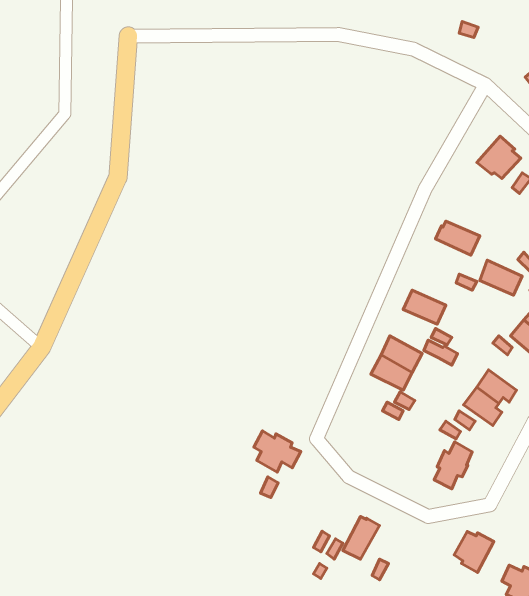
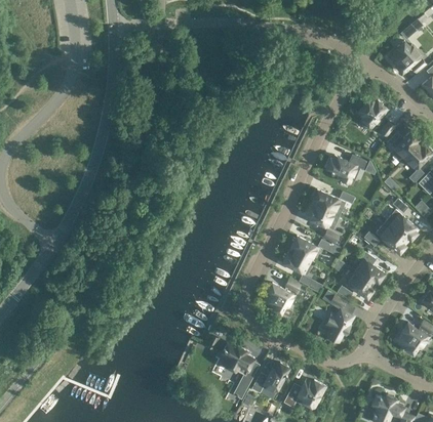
building: [480,260,522,295] -> [308,188,338,213]
building: none -> [262,281,292,310]
building: [254,431,301,472] -> [219,342,251,371]
building: [454,531,494,572] -> [293,378,321,407]

